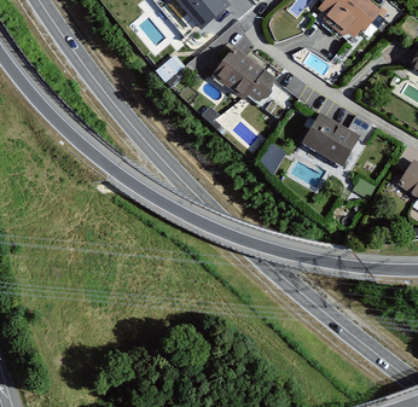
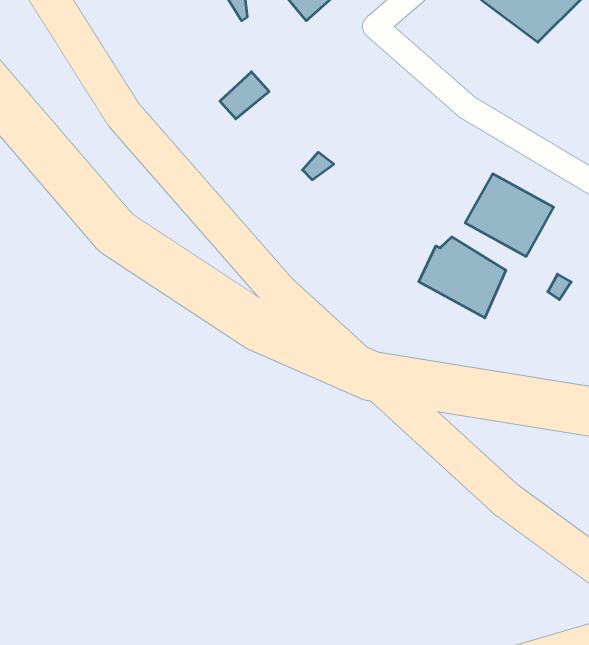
building: [214,48,274,104] -> none
building: none -> [419,237,506,318]

